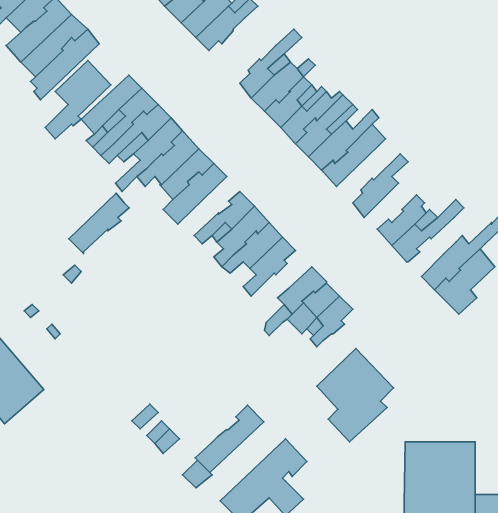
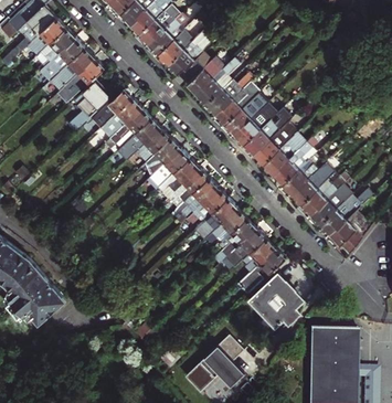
building: none -> [177,52,222,96]
building: none -> [263,138,306,177]
building: none -> [282,161,317,194]
building: [69,193,129,254] -> [157,159,198,200]
building: none -> [311,187,351,226]
building: none -> [205,209,246,244]
building: [195,405,264,472] -> [239,248,285,294]

